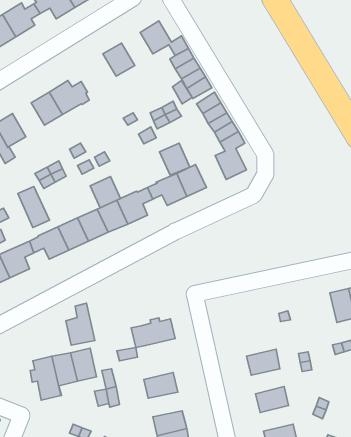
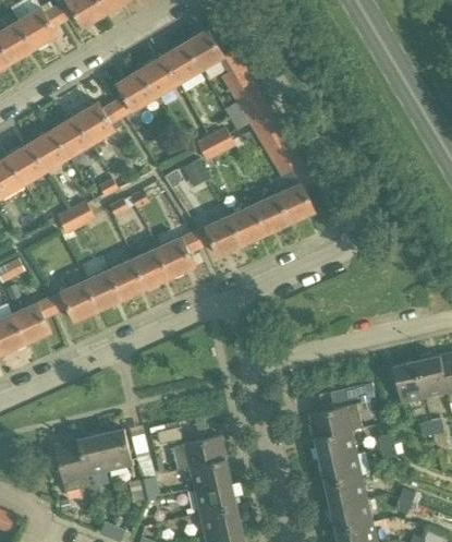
building: none -> [162,44,200,84]
building: none -> [113,70,156,117]
building: none -> [29,130,69,171]
building: [160,143,190,175] -> [253,194,290,233]
building: [90,177,121,208] -> none
building: [18,187,49,228] -> none
building: none -> [392,362,425,404]
building: [66,303,95,345] -> none
building: [131,318,175,347] -> [172,434,225,470]
building: none -> [309,405,362,439]
building: none -> [320,455,361,485]
building: none -> [195,483,236,514]
building: none -> [331,499,371,531]

